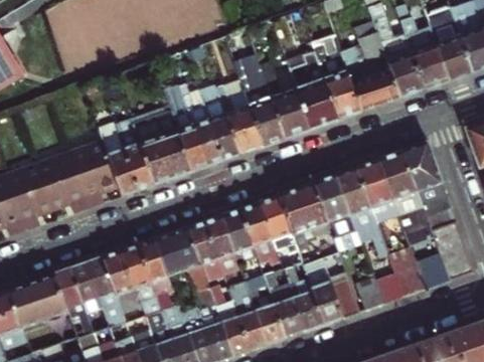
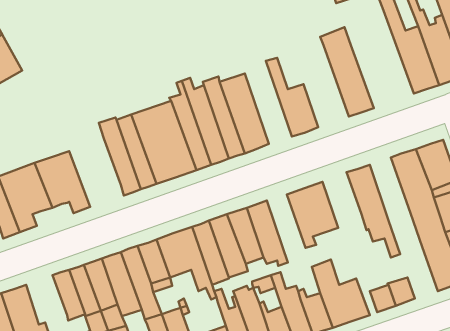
building: [340,19,400,113] -> none
building: [291,52,338,131] -> none
building: [231,53,284,147] -> none
building: [70,142,120,207] -> none
building: [358,160,397,220] -> none
building: [313,174,362,252] -> none
building: [260,195,297,249] -> none
building: [387,245,424,295] -> none
building: [29,273,68,320] -> none

